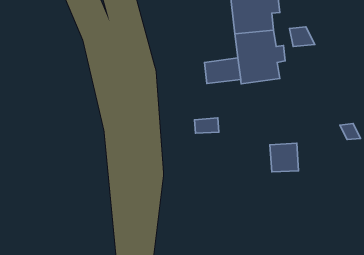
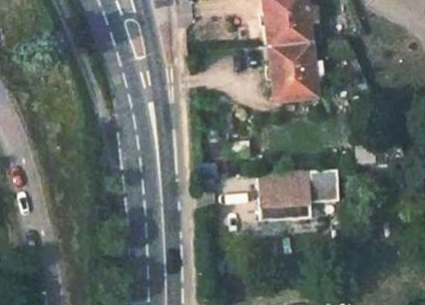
building: [204,58,241,84] -> none
building: none -> [259,171,310,217]

